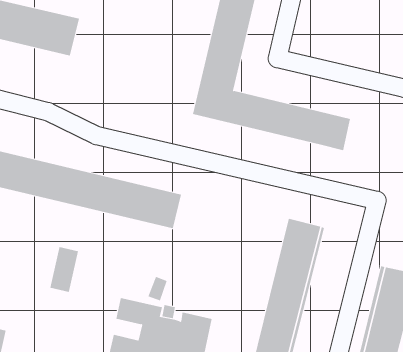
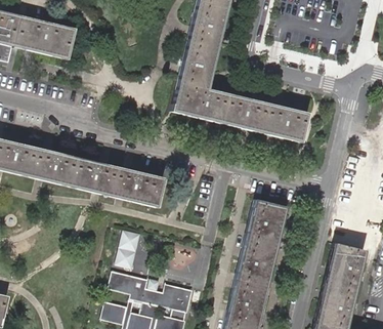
building: [49,246,79,293] -> [114,230,139,270]

